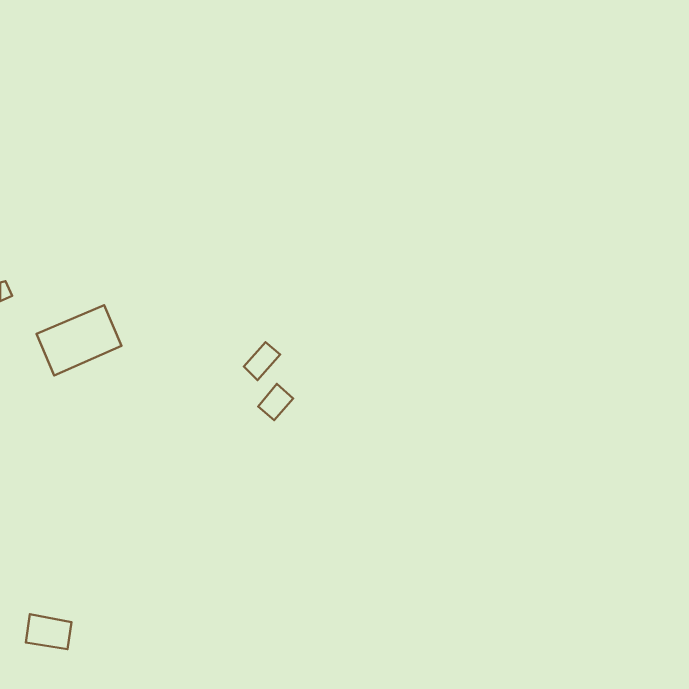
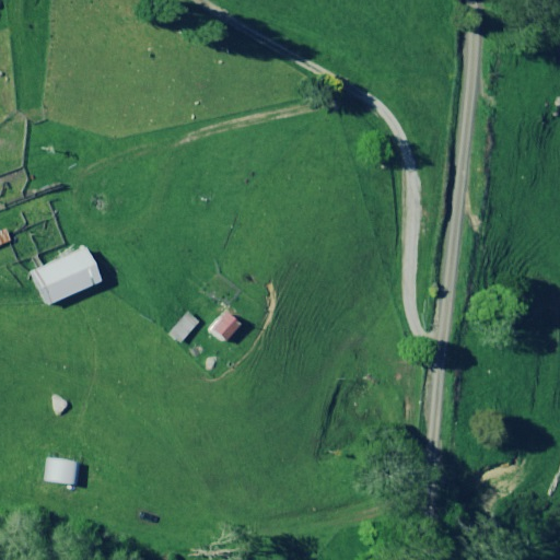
building: [244,342,280,380] -> [170,312,199,342]
building: [26,614,72,649] -> [47,457,84,486]

